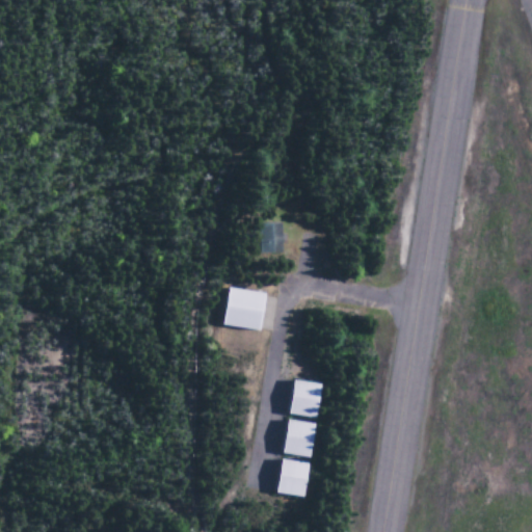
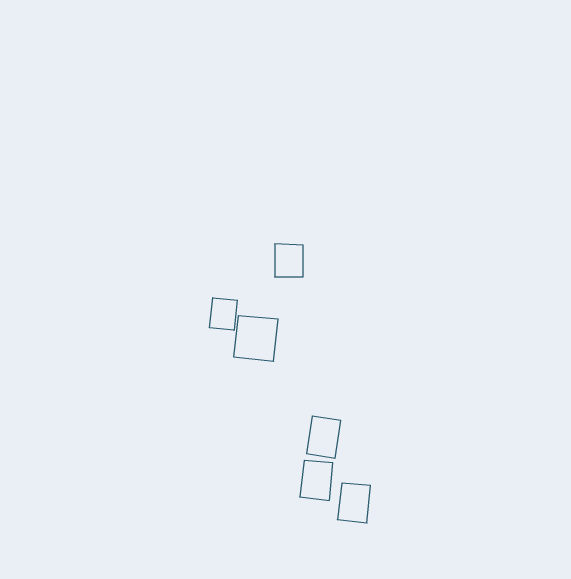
building: none -> [210,298,237,330]
building: [277,459,308,496] -> [337,483,370,523]

